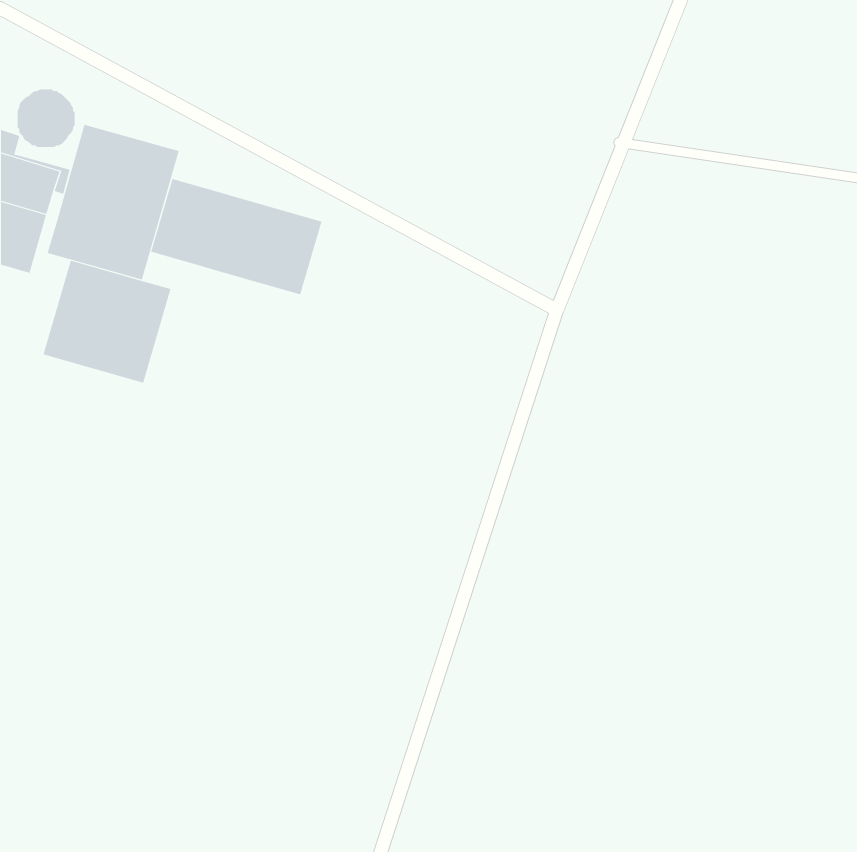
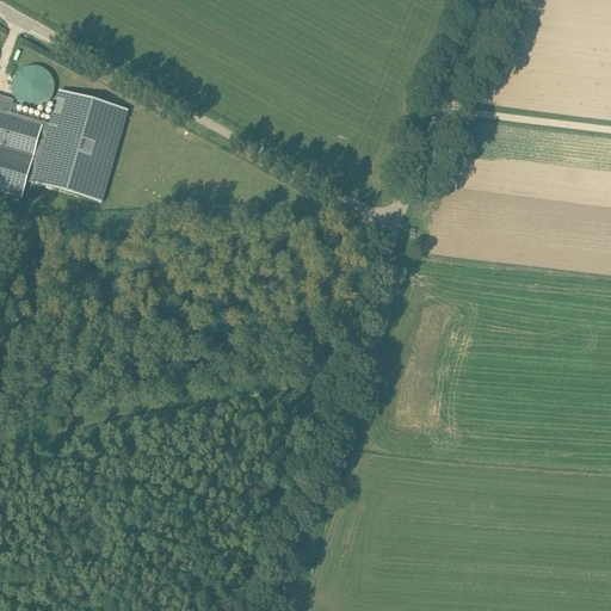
building: [151,178,322,295] -> none
building: [43,260,171,384] -> none

